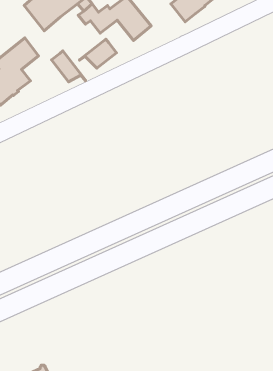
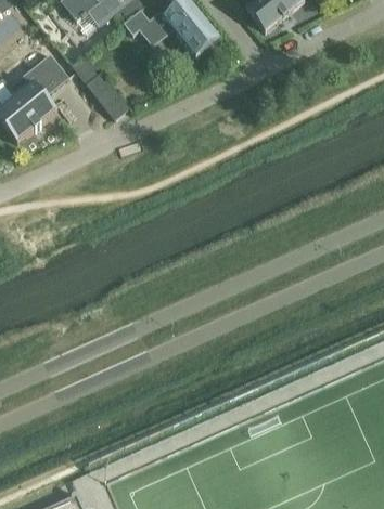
building: [80,39,117,68] -> none

